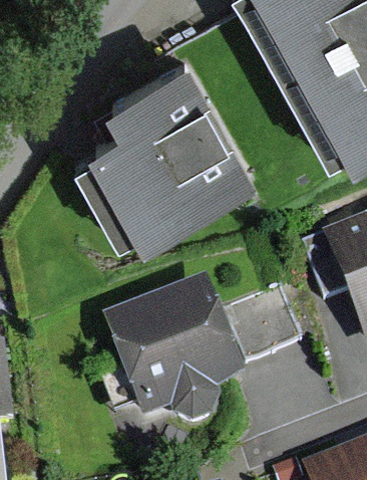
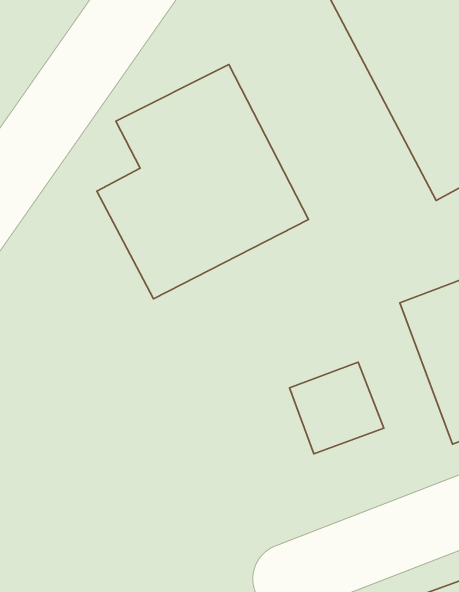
building: [114,291,238,418] -> none

